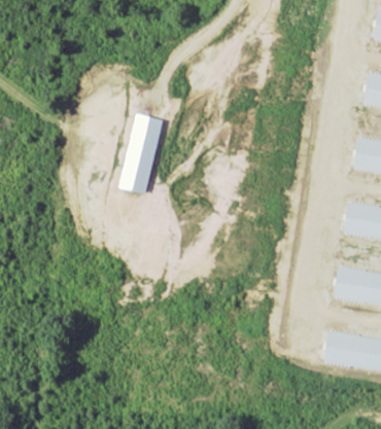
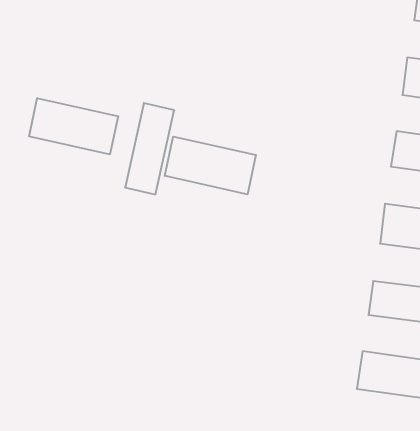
building: none -> [29,98,118,154]
building: none -> [165,137,256,194]

